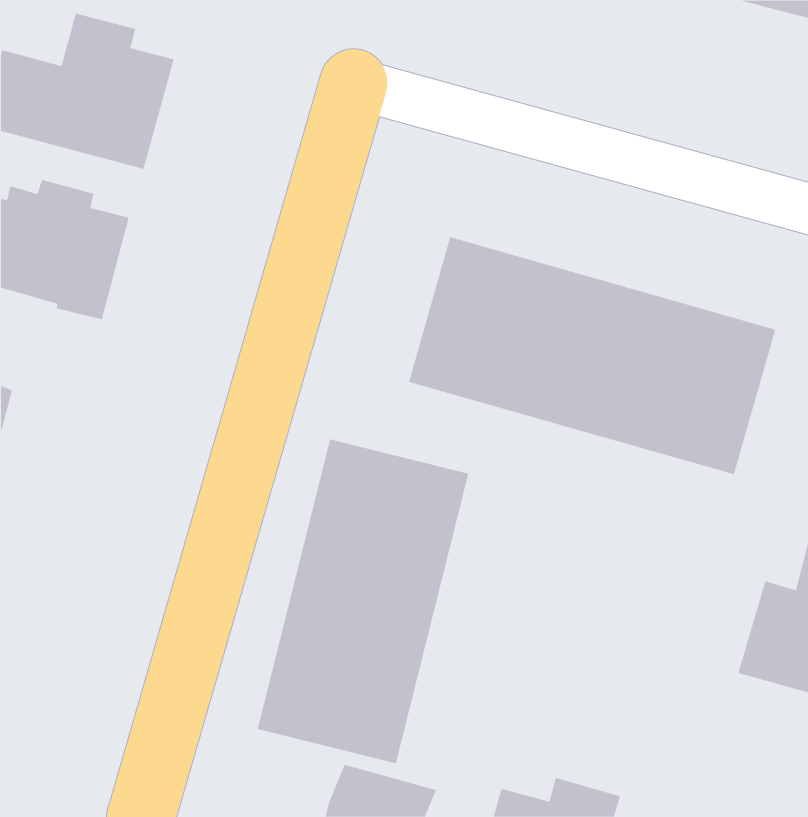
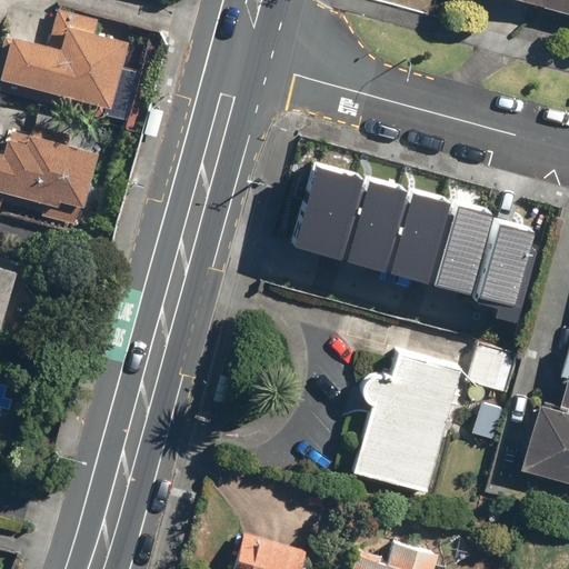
building: [257,439,469,764] -> none
building: none -> [355,349,460,491]

